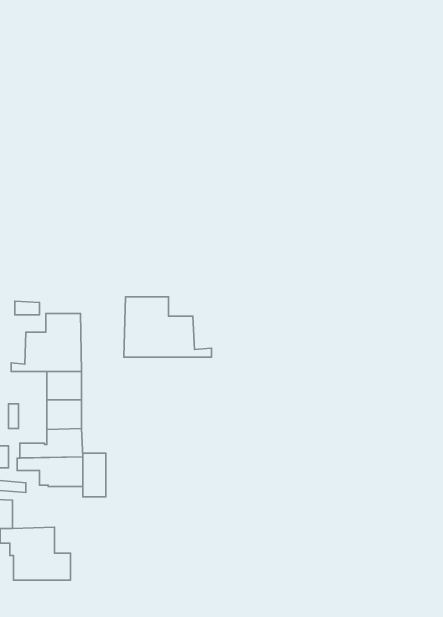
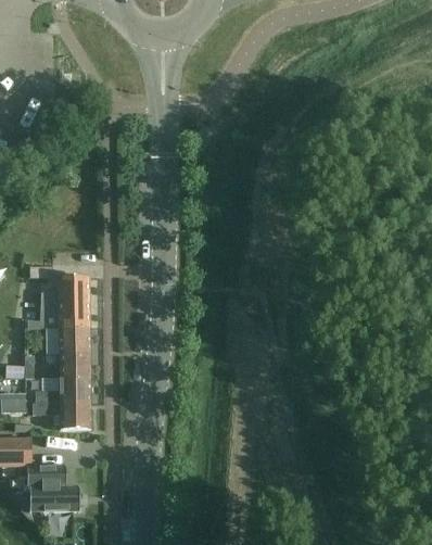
building: [124,297,211,357] -> none
building: [83,453,106,497] -> none

